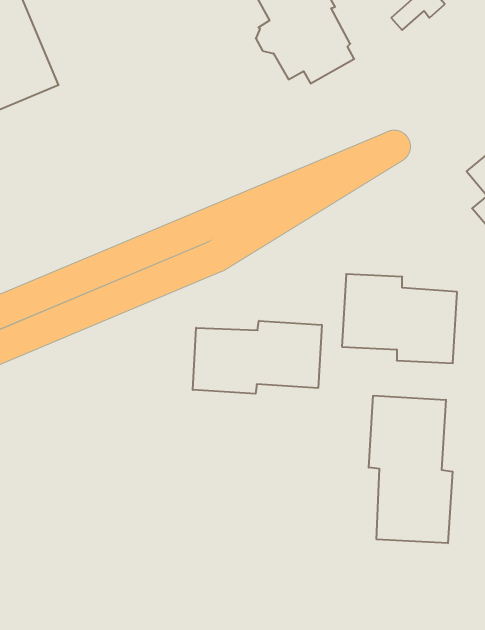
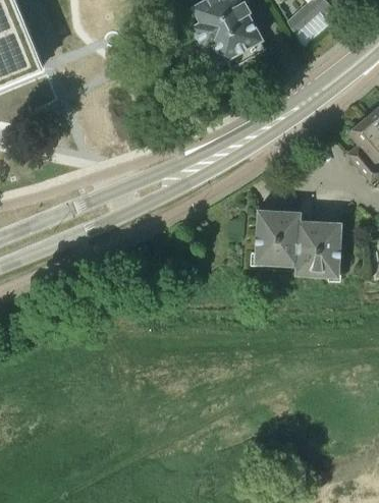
building: [193,321,322,394] -> none
building: [369,396,452,543] -> none

